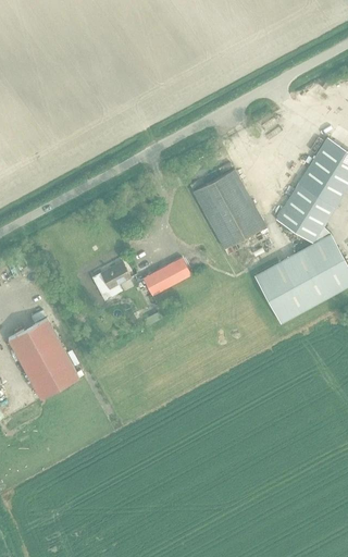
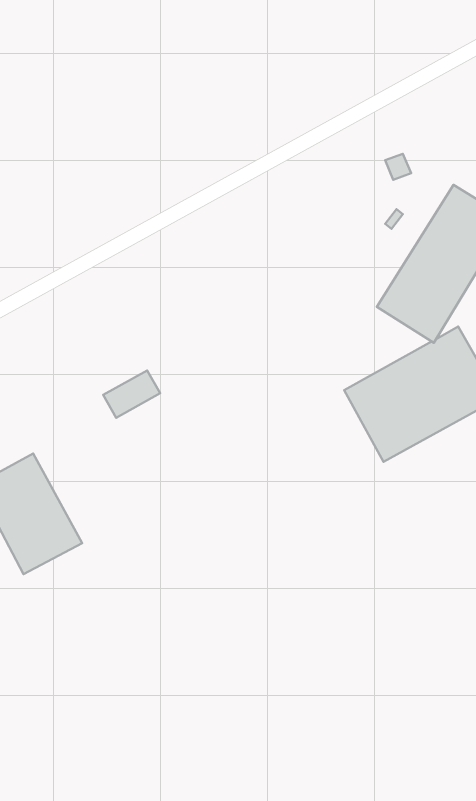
building: [191,170,264,256] -> none
building: [142,258,190,296] -> none

